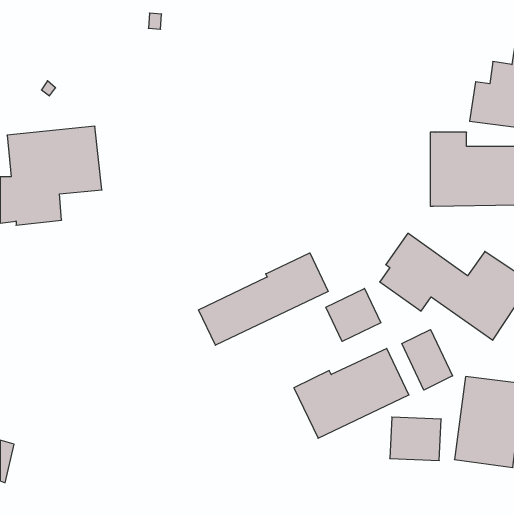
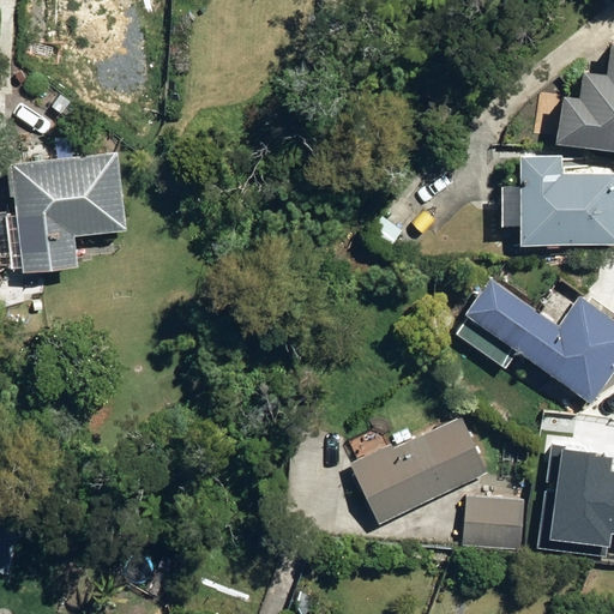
building: [199,253,328,345] -> none
building: [326,288,381,341] -> none
building: [402,330,453,390] -> none

